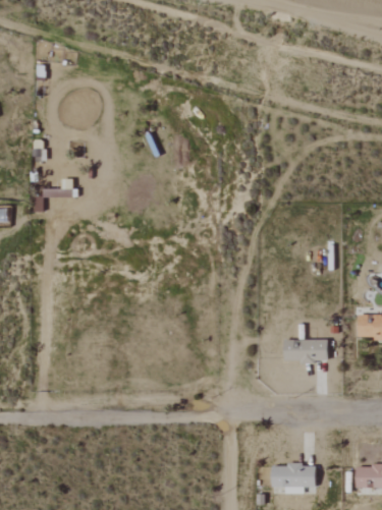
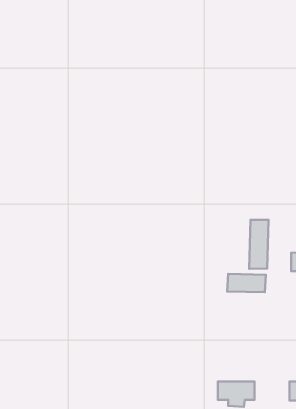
building: none -> [249,220,268,269]

